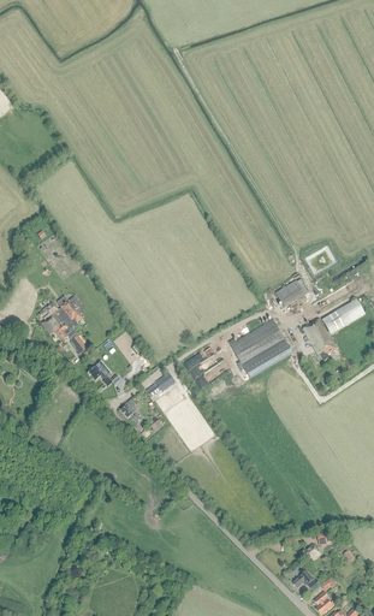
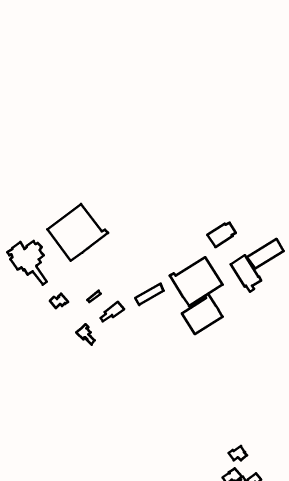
building: none -> [47,204,108,261]
building: none -> [182,294,223,334]

